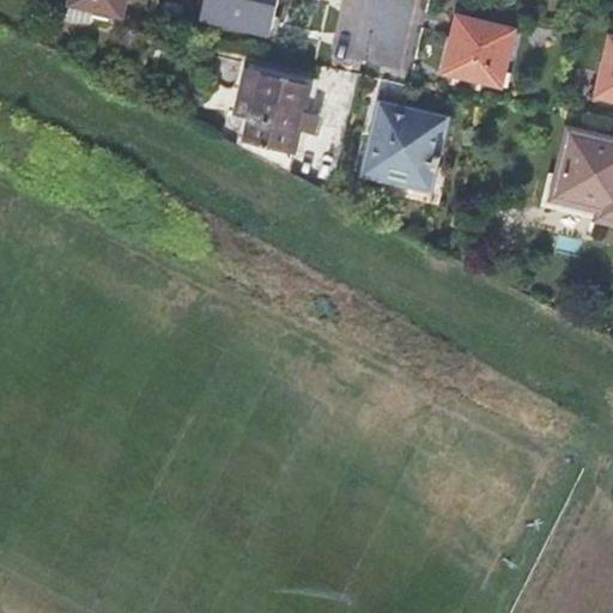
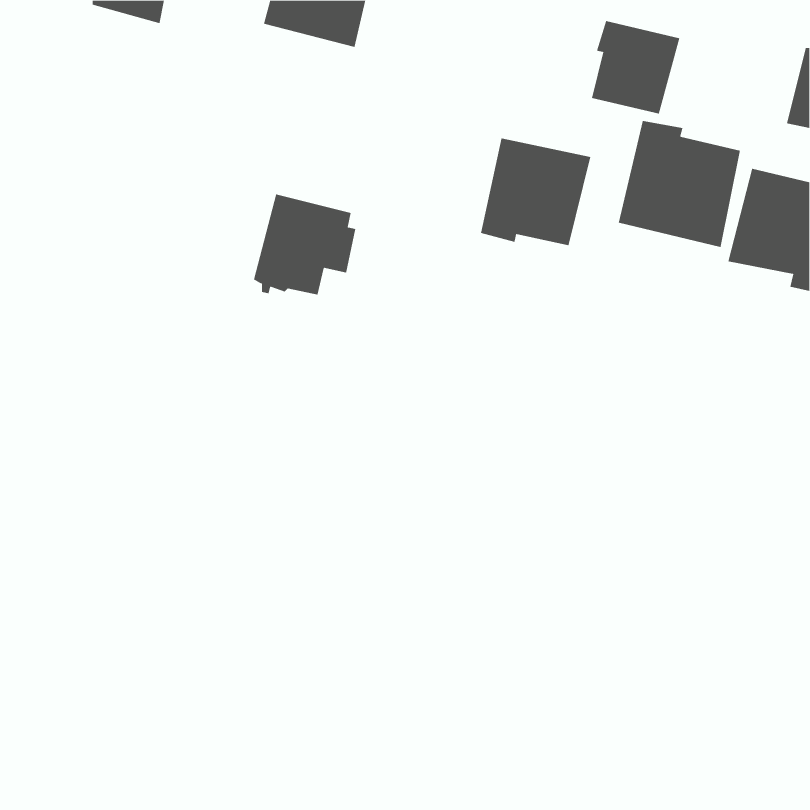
building: [243,73,321,150] -> [253,194,356,295]
building: none -> [618,120,740,248]

